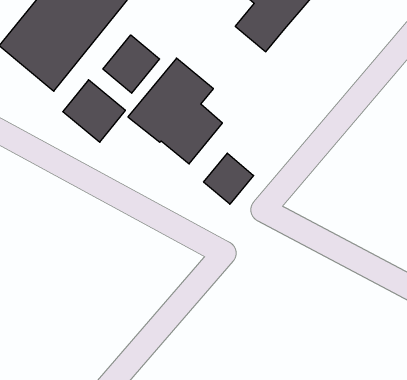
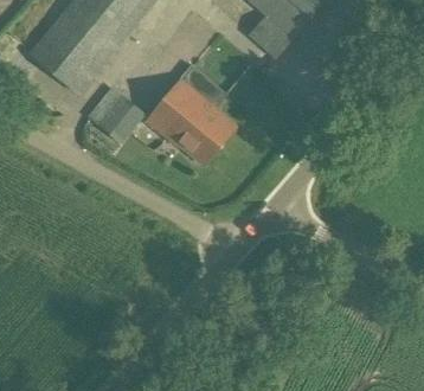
building: [103,35,160,93] -> none
building: [204,153,254,204] -> none

